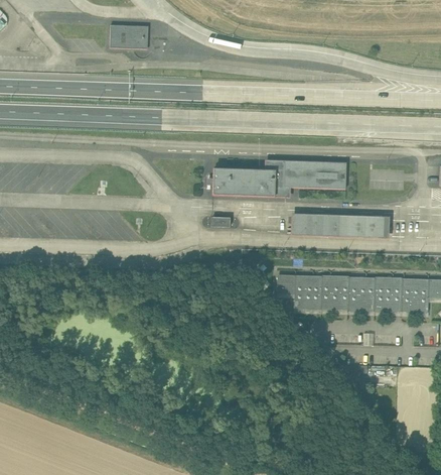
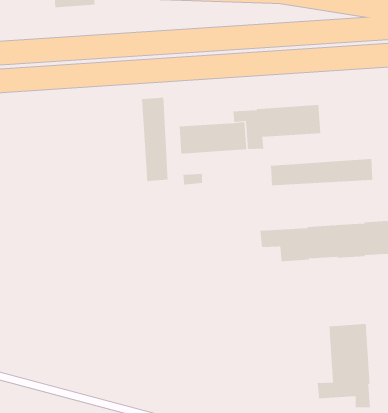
building: none -> [141,97,168,182]
building: none -> [317,323,371,408]

